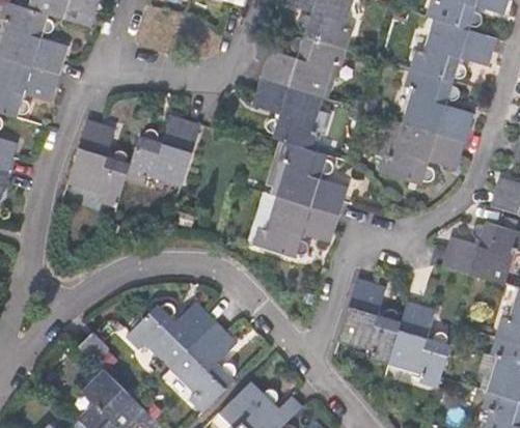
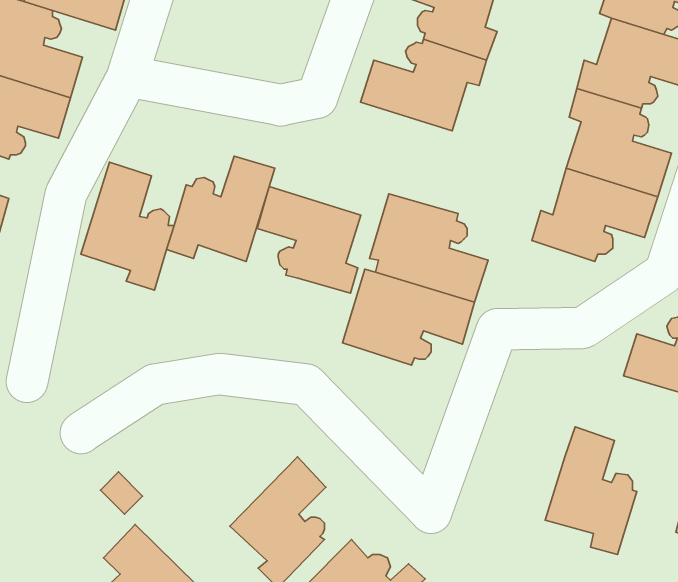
building: [252,77,324,150] -> [257,187,361,293]
building: [339,277,402,366] -> none
building: [127,302,217,369] -> none

